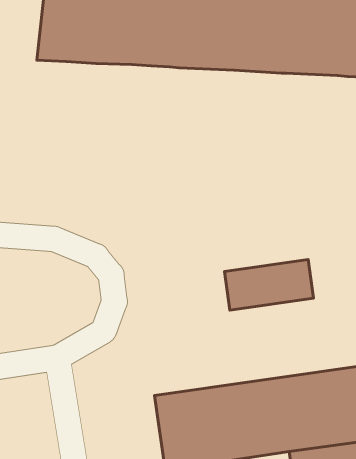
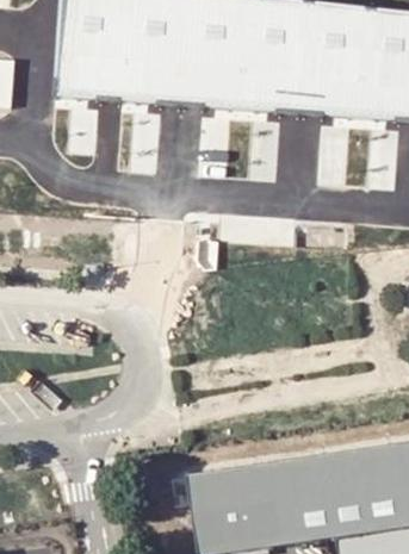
building: [225,259,314,310] -> none

